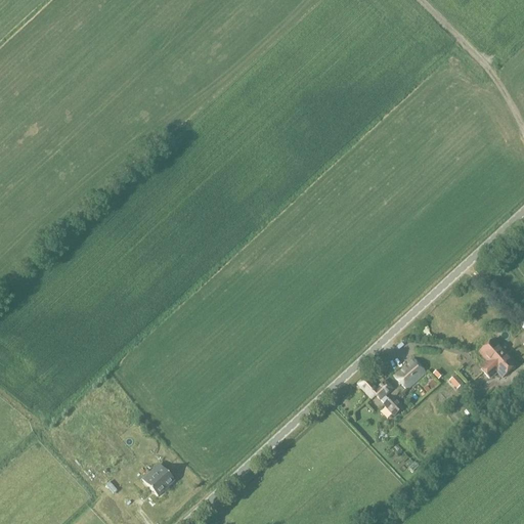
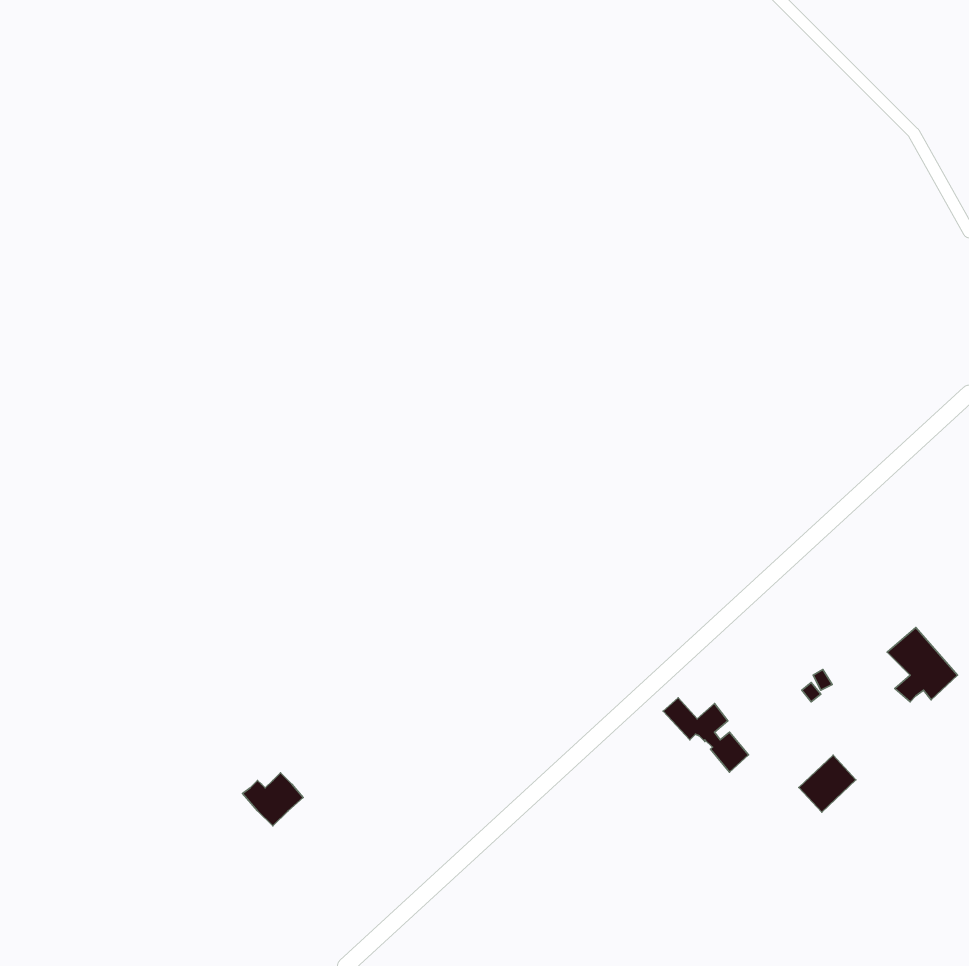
building: [394,357,425,388] -> [799,755,856,812]
building: [141,467,174,495] -> [242,773,303,826]

